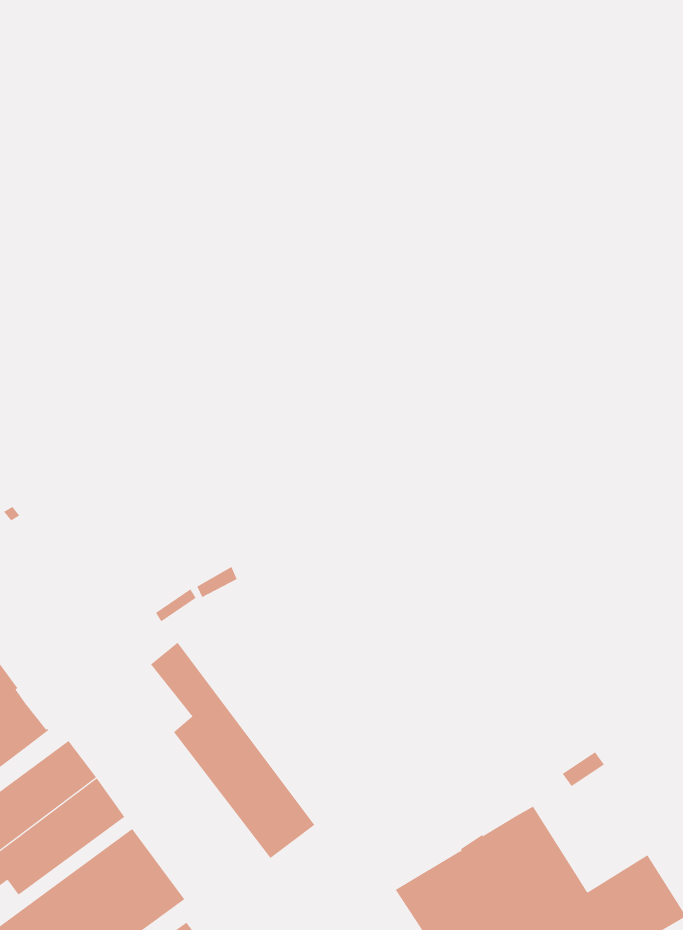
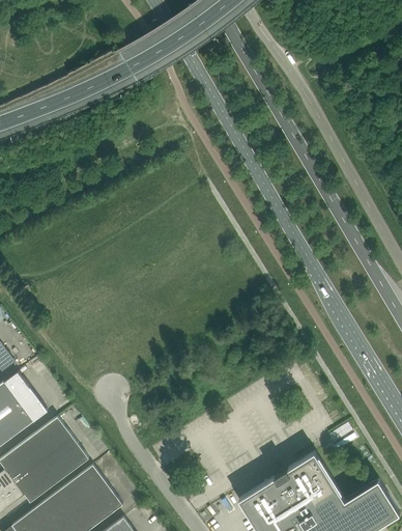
building: [150,642,315,859] -> none

